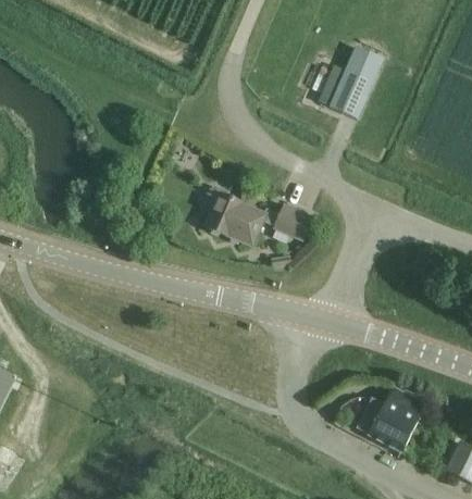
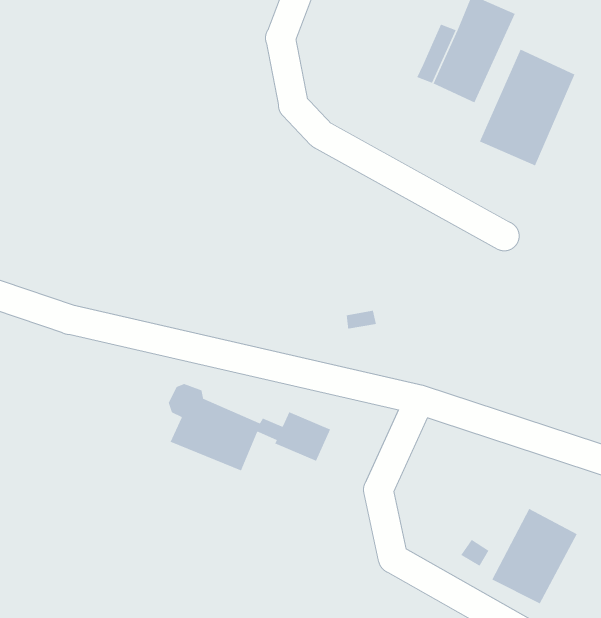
building: none -> [479,48,575,166]
building: [202,186,311,245] -> [168,383,331,472]

